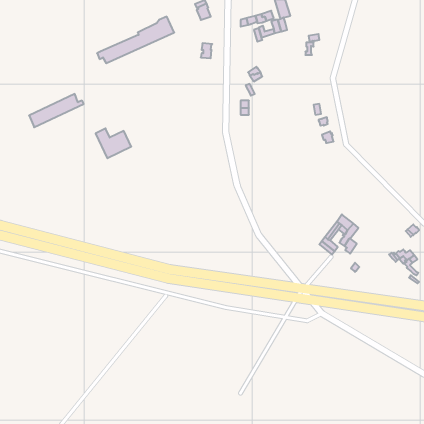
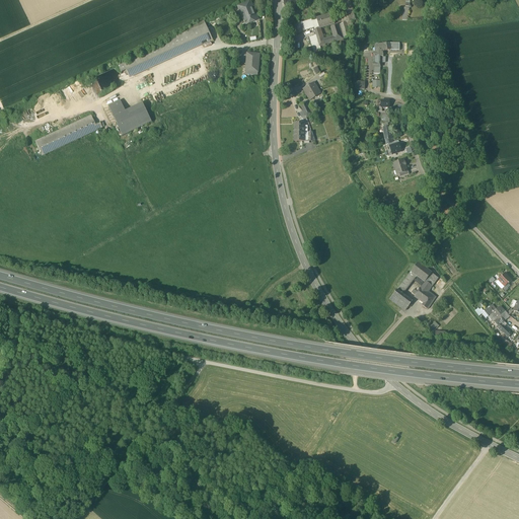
building: [96,128,131,158] -> [108,99,152,136]

